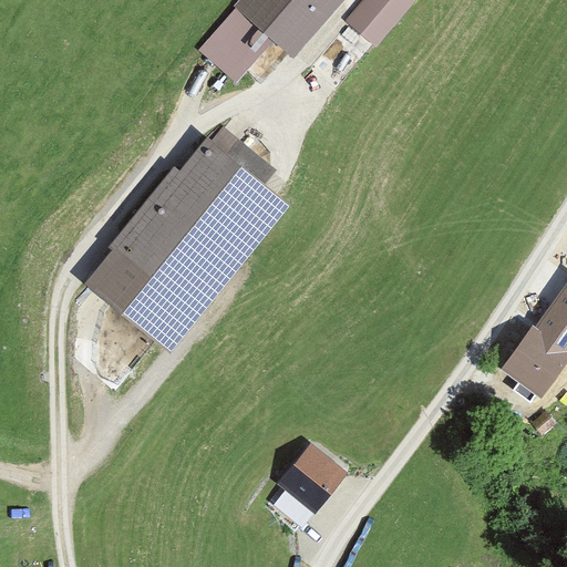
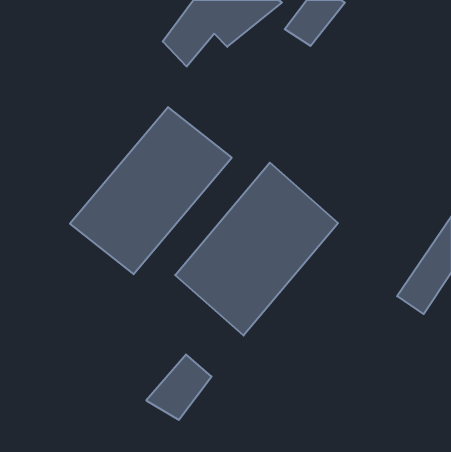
building: none -> [175,163,338,336]
building: [264,441,346,523] -> [146,354,212,420]

